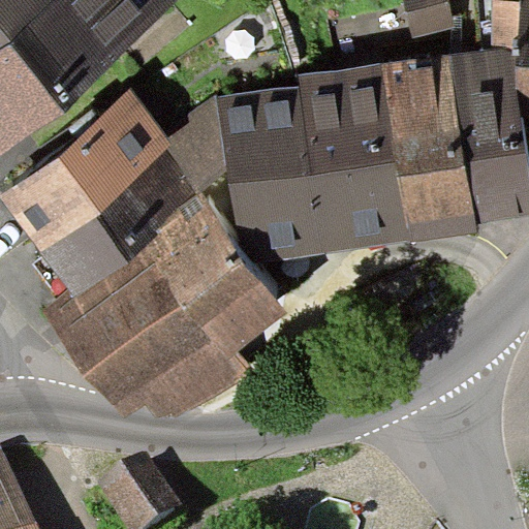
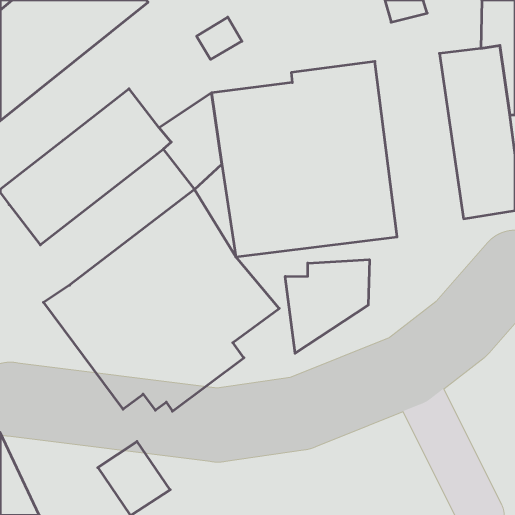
building: [384,55,476,243] -> none
building: [41,153,199,292] -> none
building: none -> [285,260,369,353]

